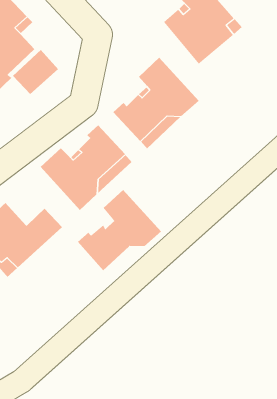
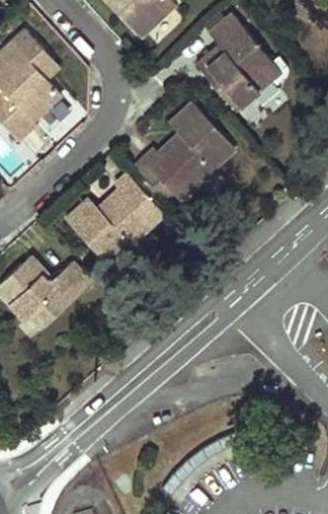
building: [77,189,162,271] -> none

